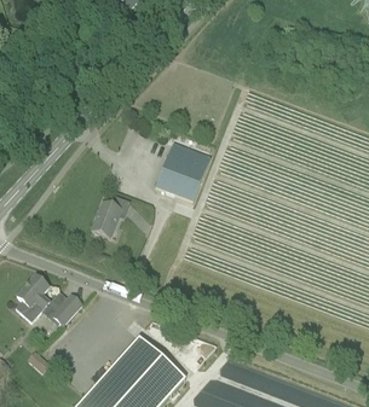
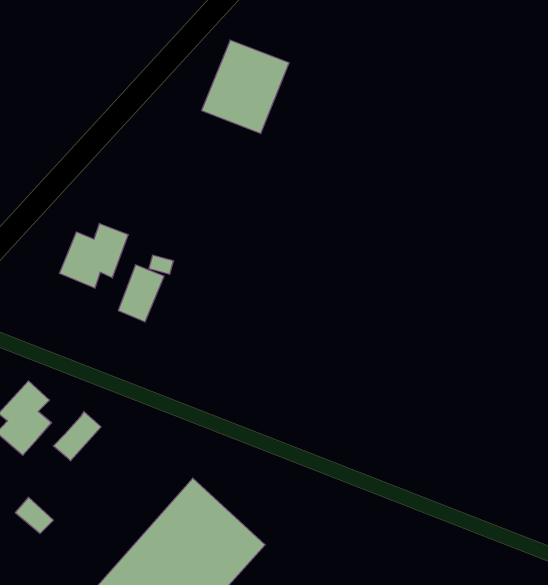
building: [157,140,213,199] -> [202,40,289,133]
building: none -> [60,223,128,288]

